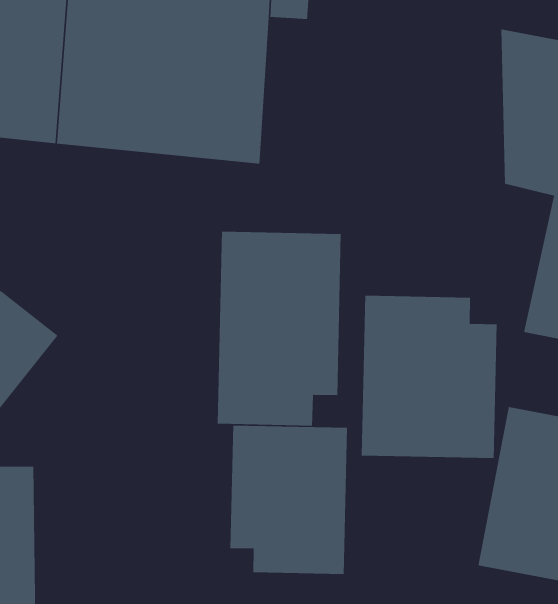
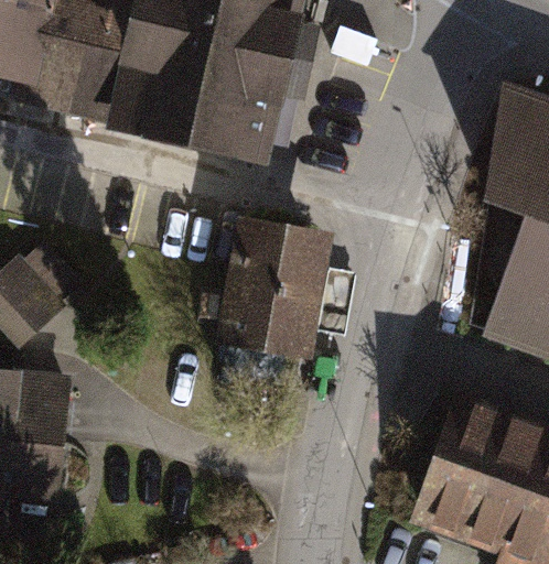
building: [361,295,498,459] -> none
building: [230,425,348,575] -> none

